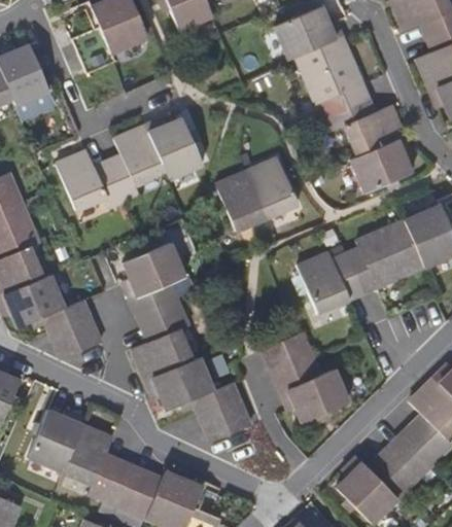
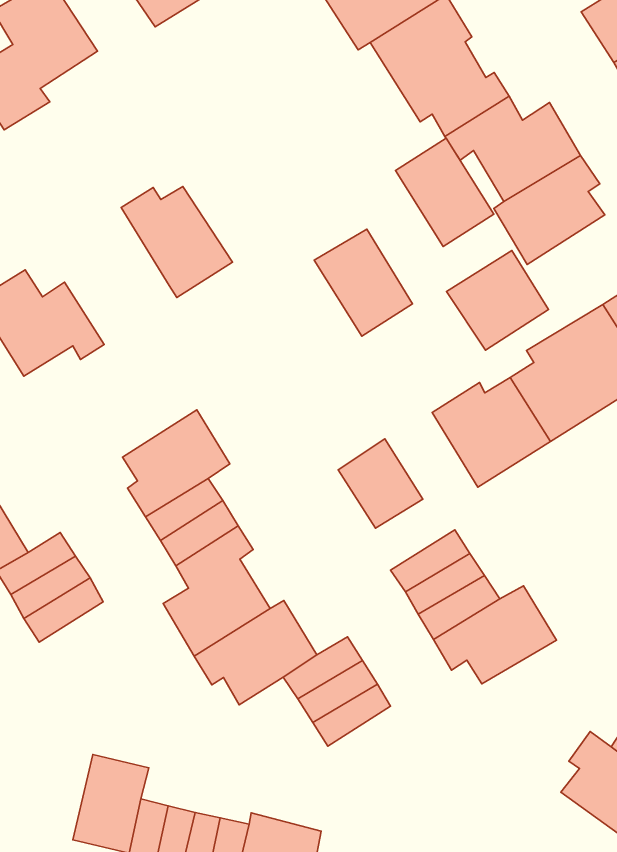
building: [108,126,166,200] -> none
building: [217,172,268,232] -> [395,138,494,247]
building: none -> [447,250,548,350]
building: none -> [338,439,423,528]
building: [30,410,84,470] -> none

